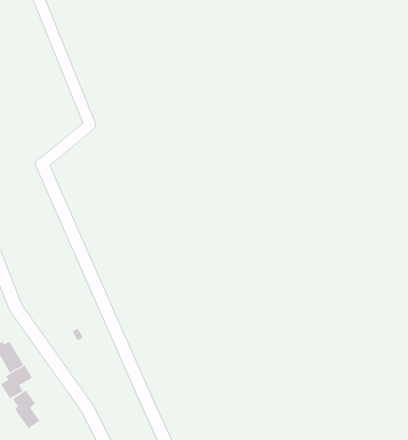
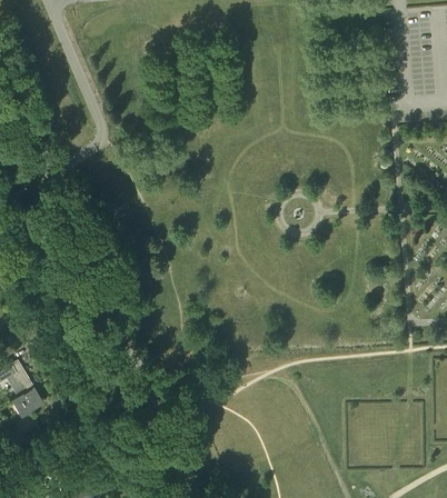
building: [12,390,40,430] -> none

